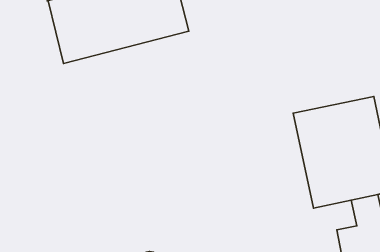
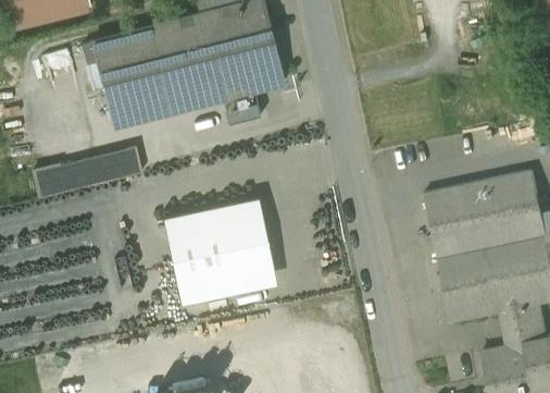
building: none -> [34,148,141,195]
building: none -> [162,200,275,304]

